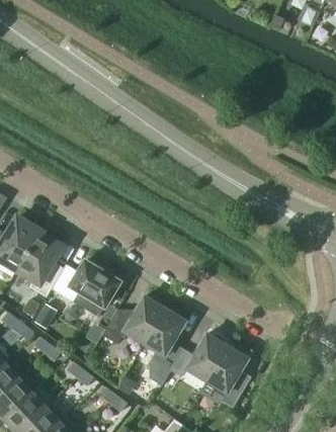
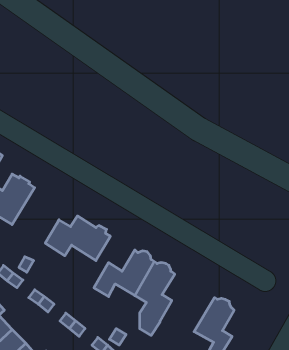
building: [16,232,64,297] -> none
building: [170,334,227,381] -> none

